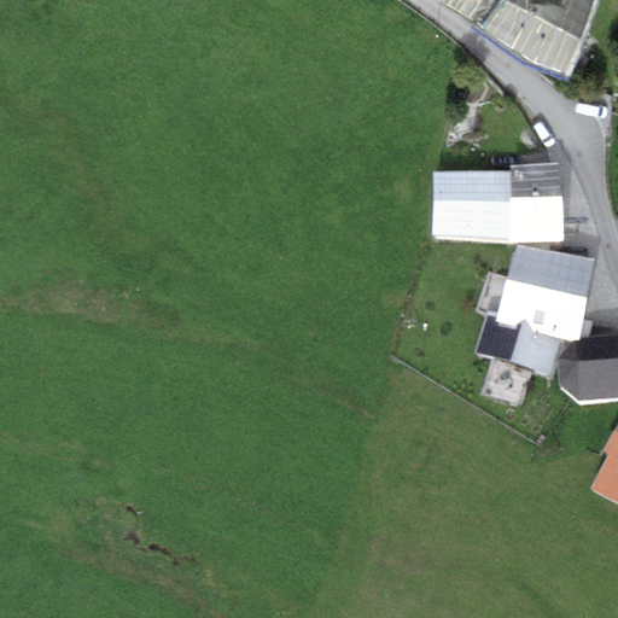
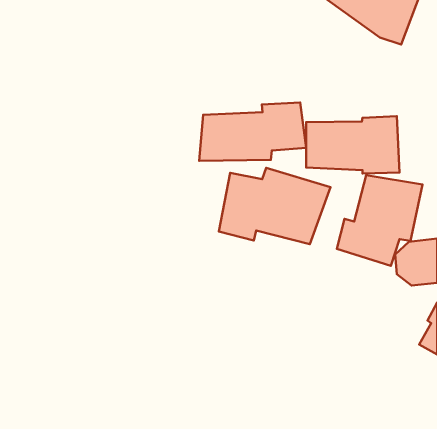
building: none -> [199,103,306,161]
building: none -> [219,168,330,244]

